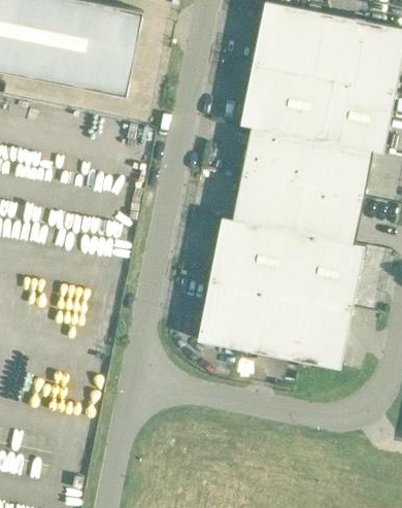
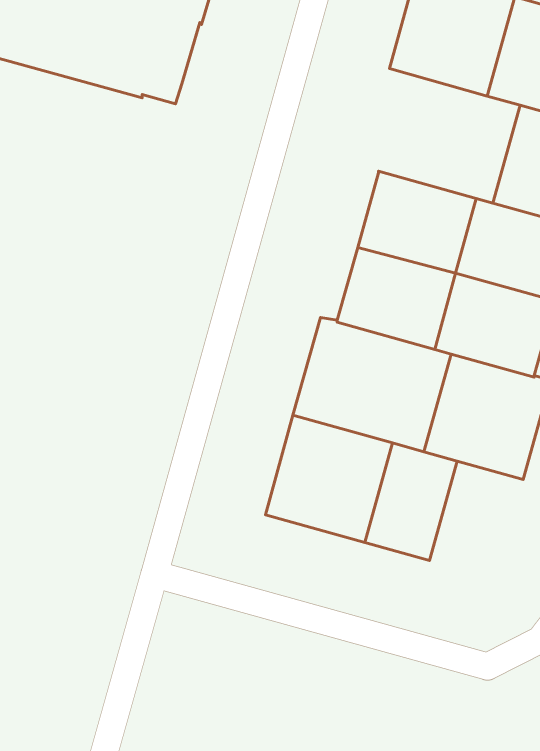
building: [240,63,334,140] -> none
building: [299,299,353,369] -> none

